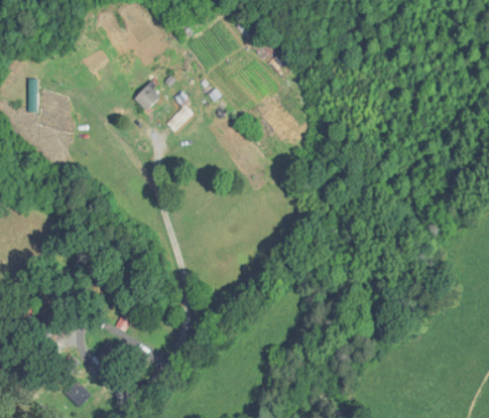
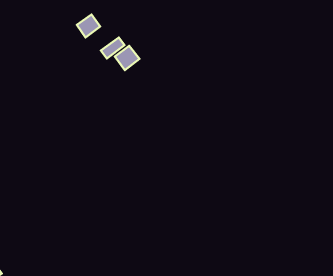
building: none -> [115,46,140,70]

